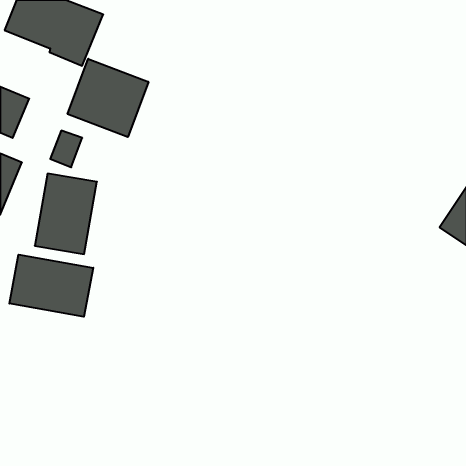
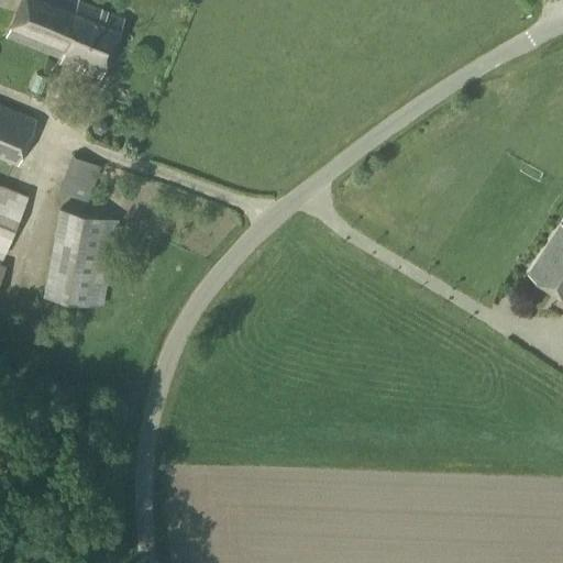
building: [68,59,148,137] -> none
building: [9,255,93,317] -> none

